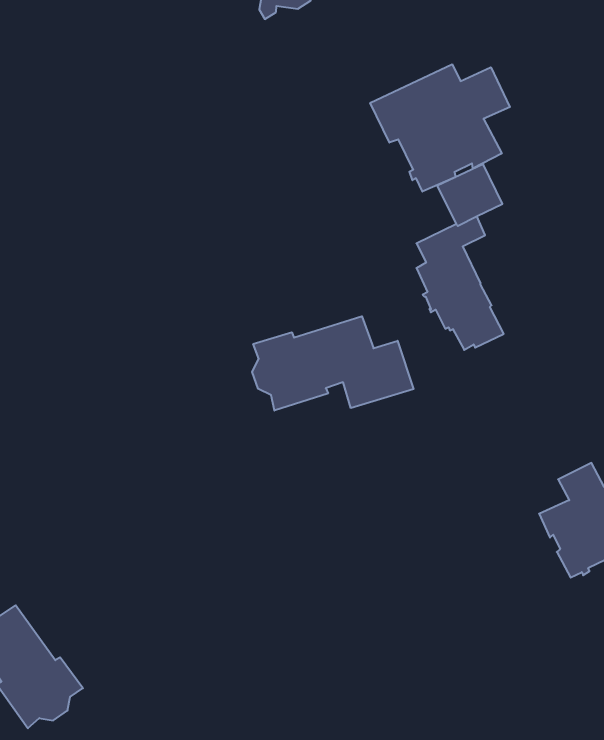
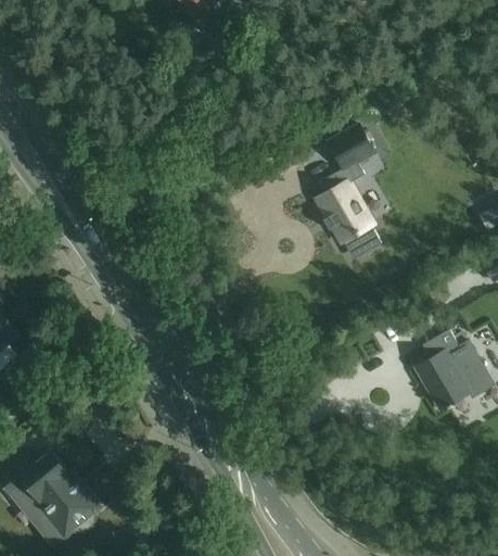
building: [370,64,510,192] -> none
building: [252,316,414,411] -> none

